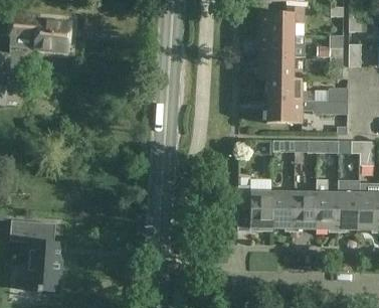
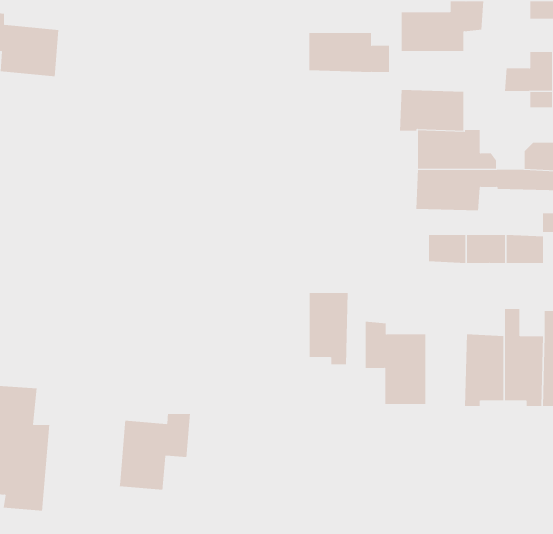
building: [258,35,304,57] -> [308,33,390,72]
building: [272,192,295,233] -> [309,292,349,365]
building: none -> [119,413,190,491]

